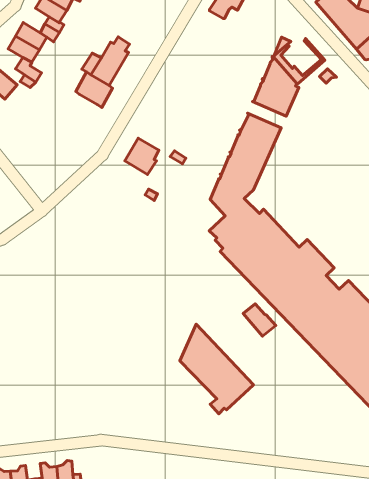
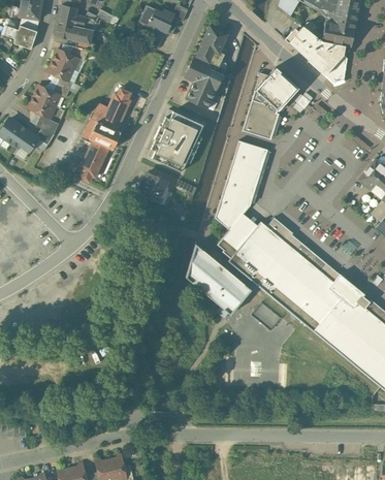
building: none -> [185,56,225,108]
building: none -> [261,67,296,103]
building: none -> [152,105,205,170]
building: none -> [79,140,109,183]
building: [180,324,253,414] -> [186,244,251,318]

